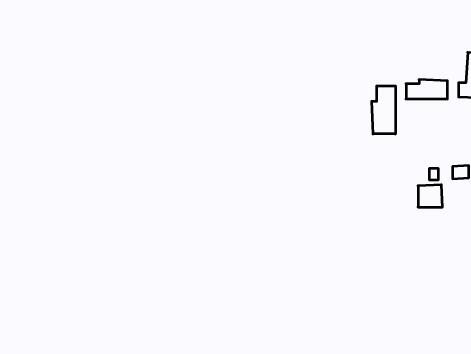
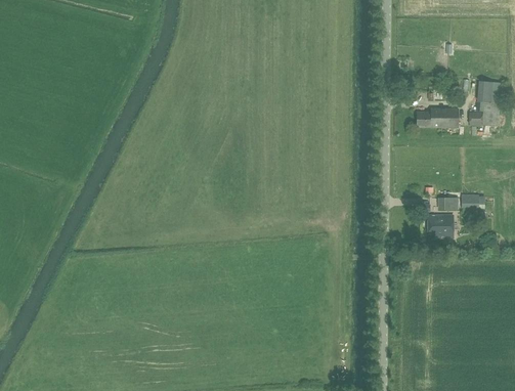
building: [372,86,395,134] -> none

